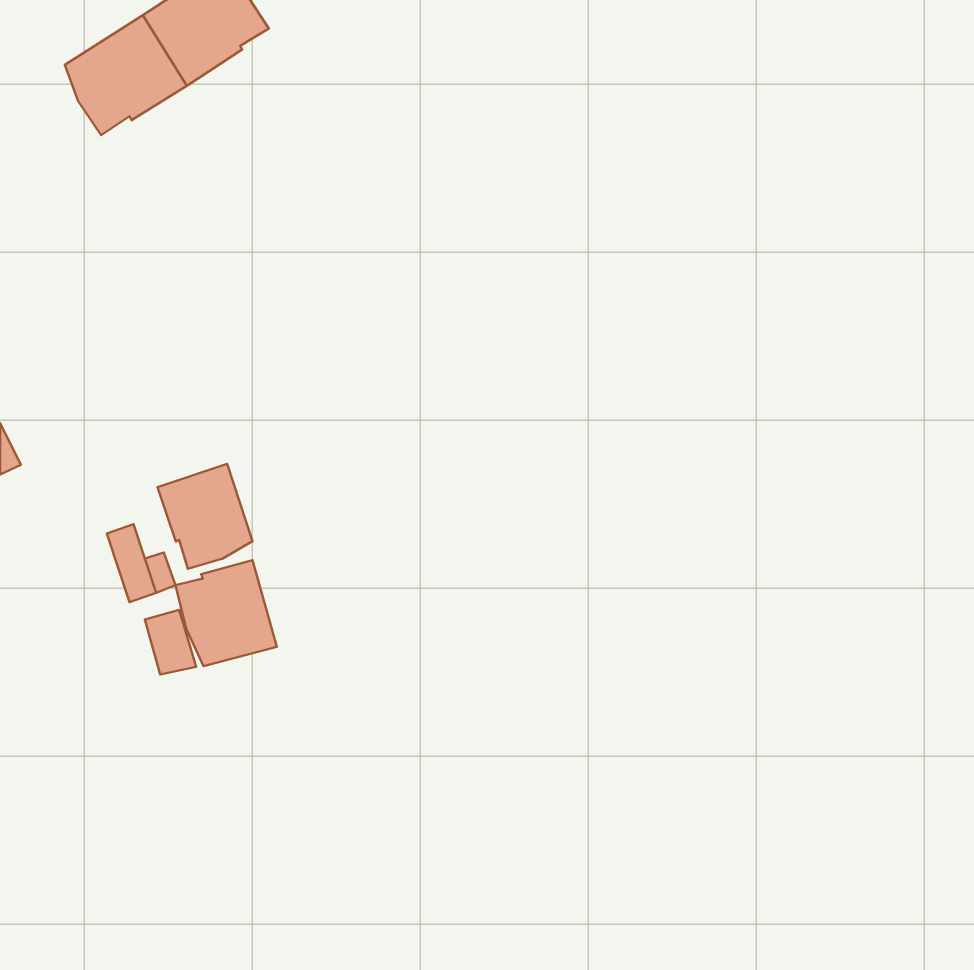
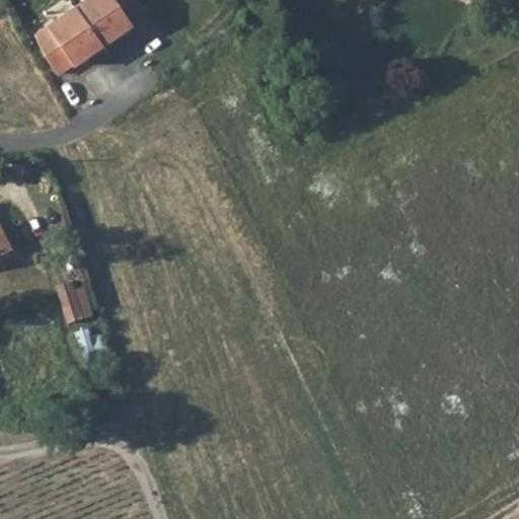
building: [158,464,252,569] -> none
building: [175,560,277,666] -> none

